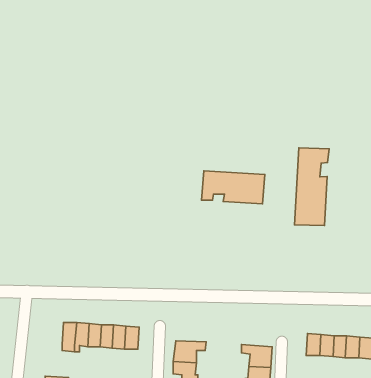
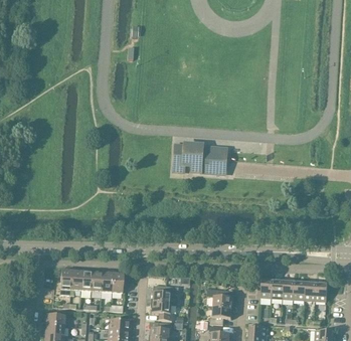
building: [294,148,329,226] -> none

